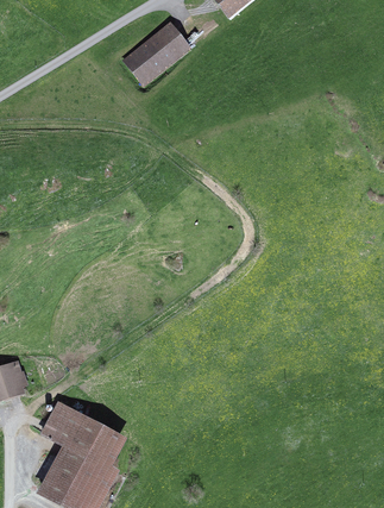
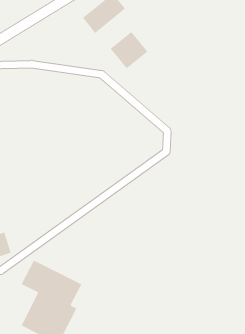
building: none -> [110,31,148,69]

